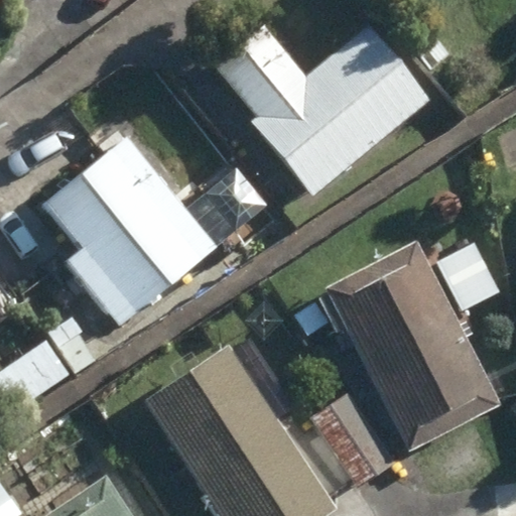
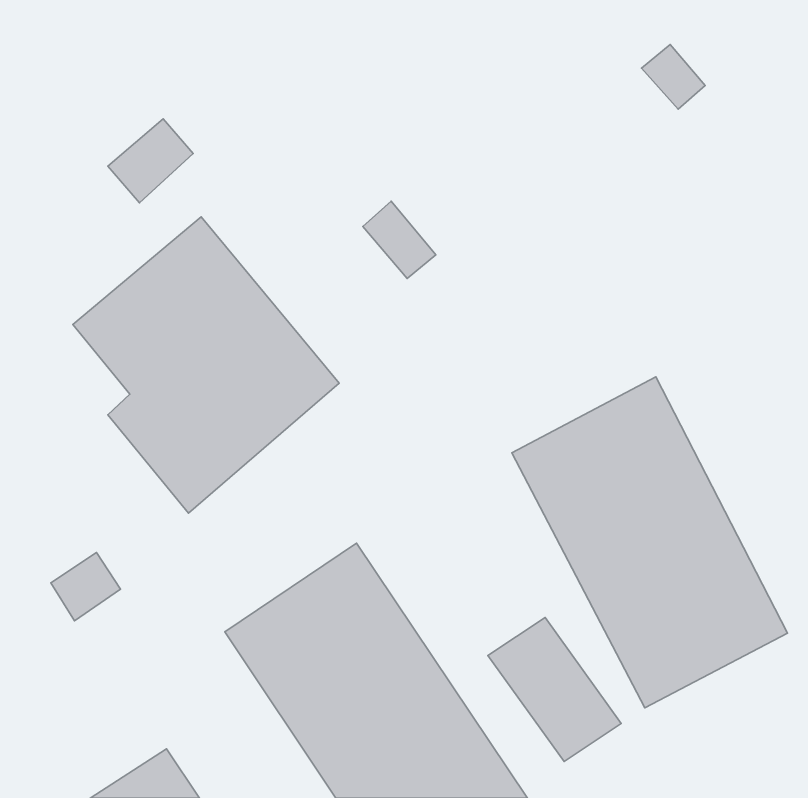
building: [218,27,428,196] -> none

